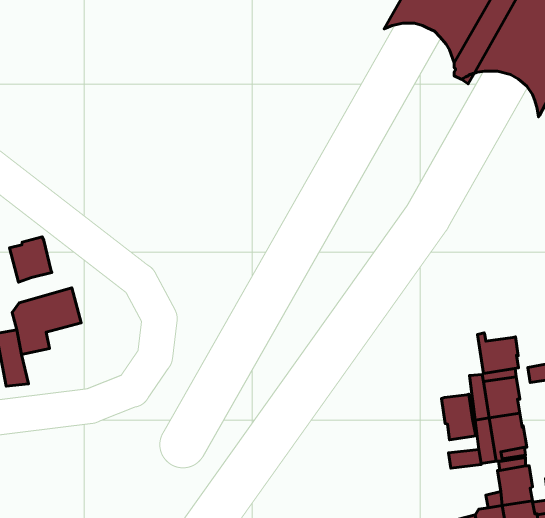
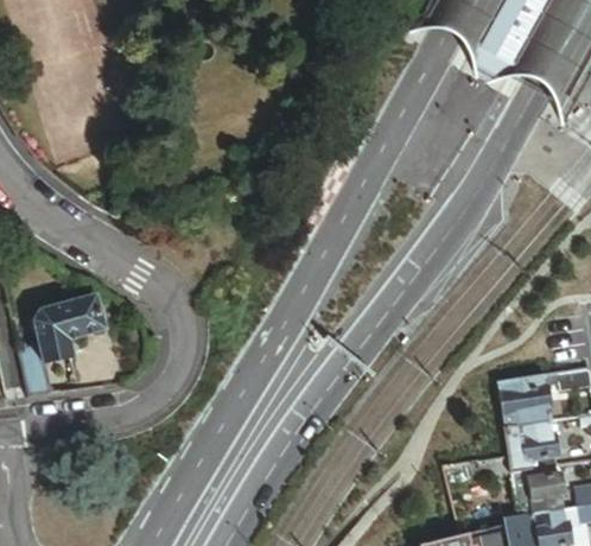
building: [9,237,52,282] -> none
building: [478,333,518,373] -> none
building: [442,394,476,440] -> none

